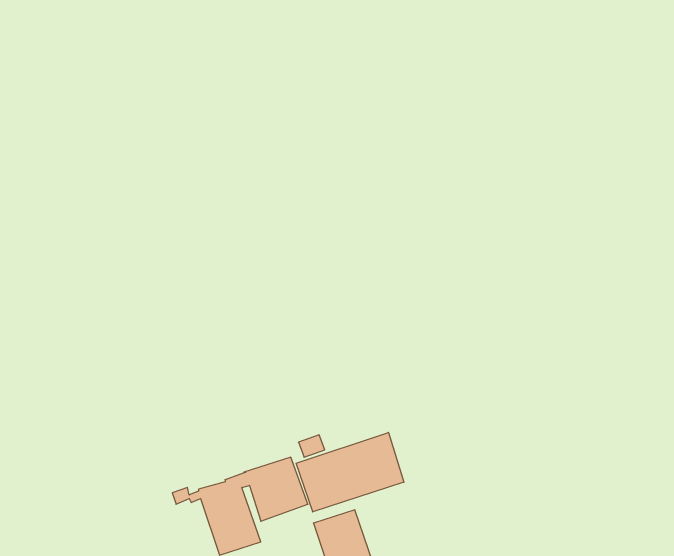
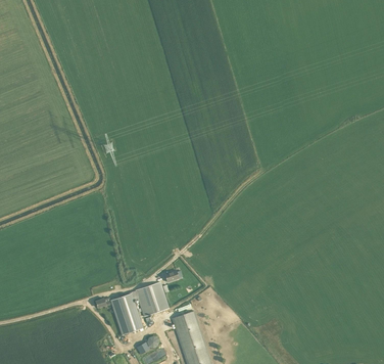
building: [296,432,404,512] -> none

